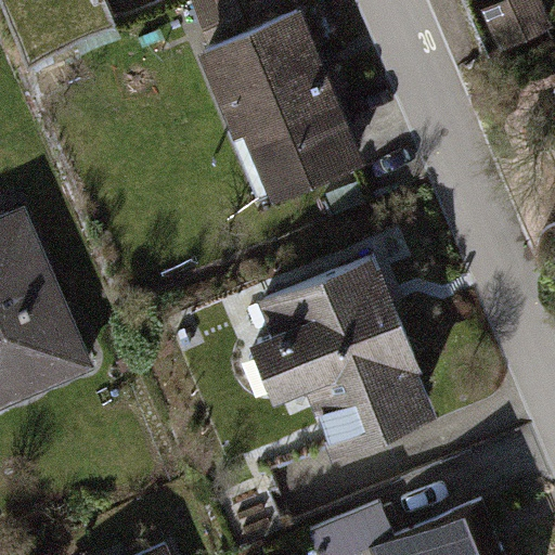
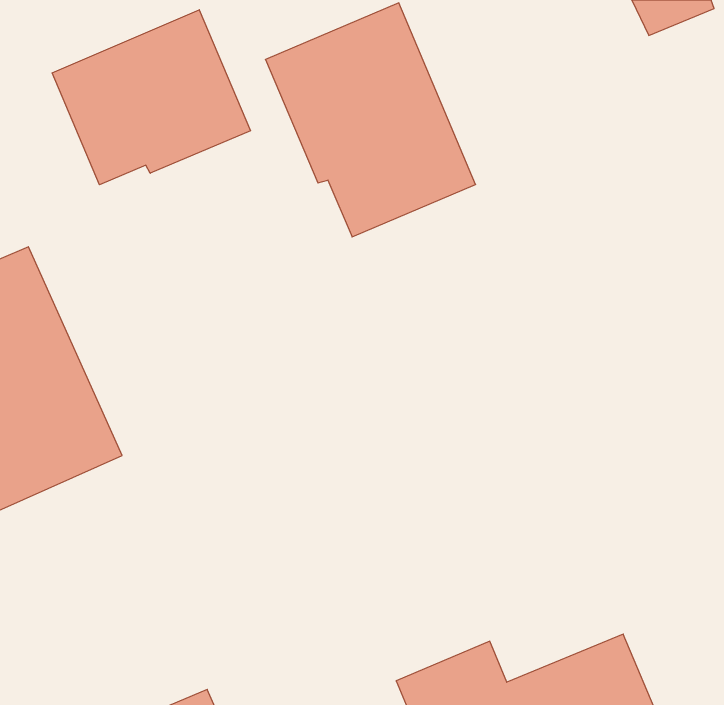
building: none -> [52,10,251,185]
building: [238,264,434,457] -> none

